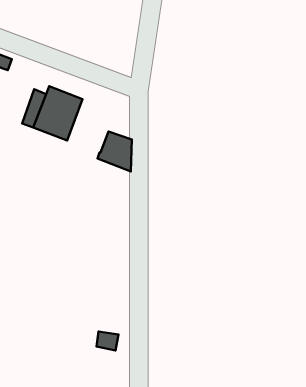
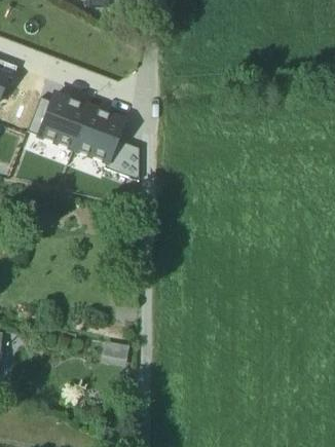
building: none -> [74,106,123,160]

